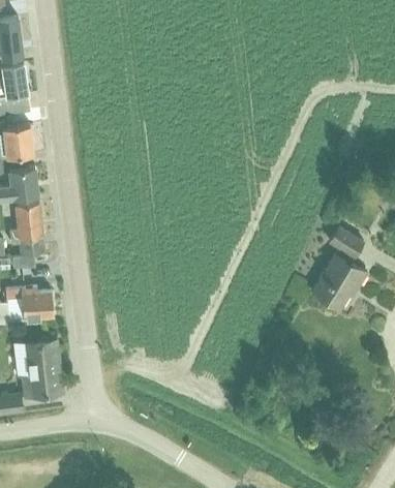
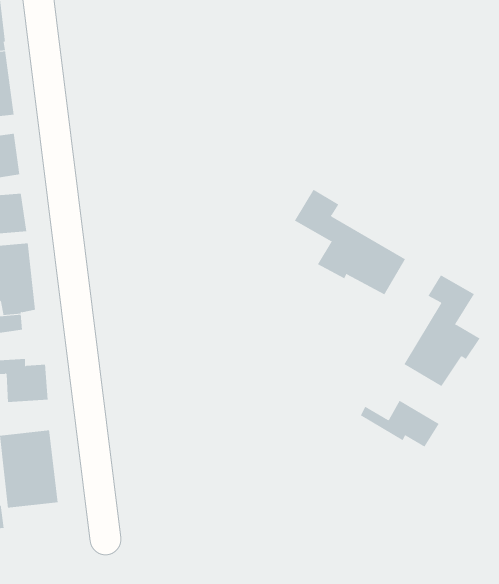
building: none -> [294,189,406,295]
building: none -> [360,400,439,448]

